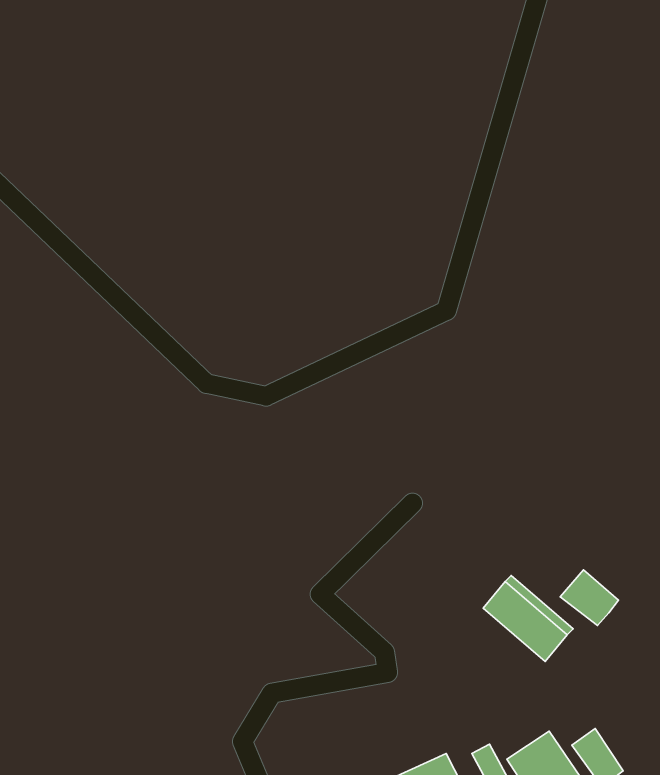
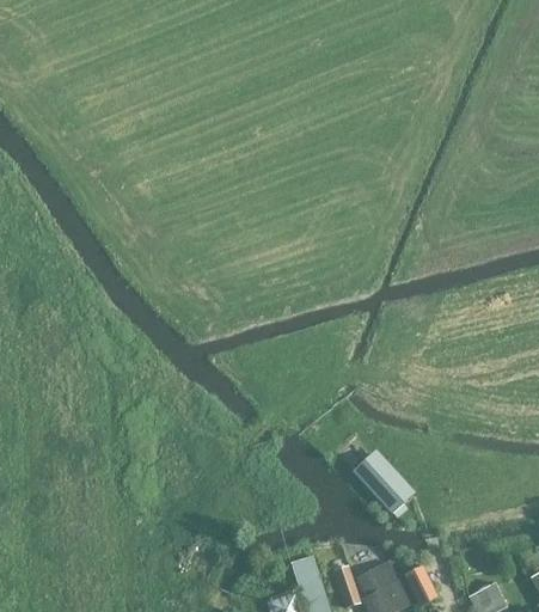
building: [560,570,618,626] -> none

